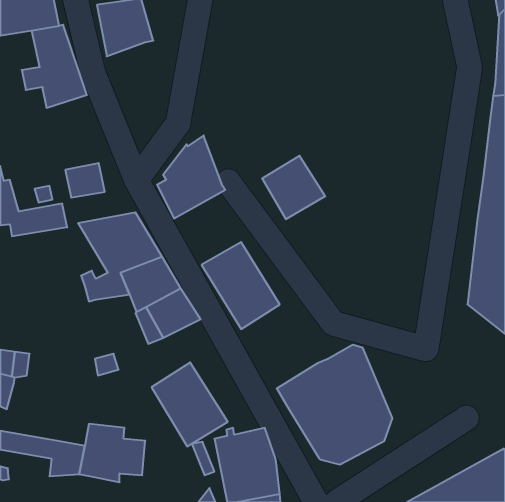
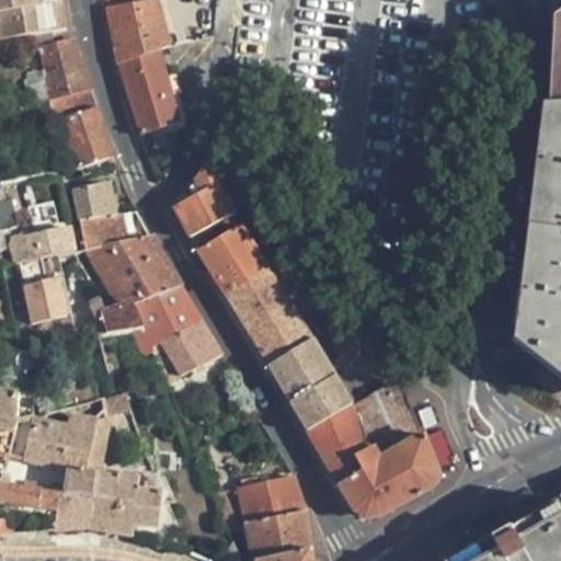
building: none -> [118,47,180,134]
building: none -> [51,105,113,167]
building: [262,156,325,219] -> [197,224,267,294]
building: none -> [79,209,150,248]
building: none -> [23,276,67,321]
building: [152,362,228,446] -> [267,337,352,431]
building: none -> [26,413,108,494]

